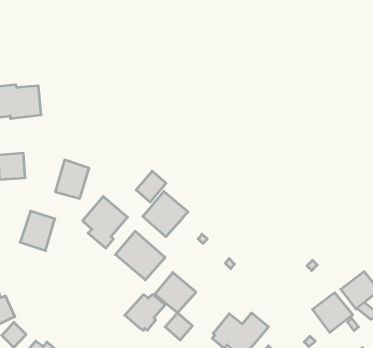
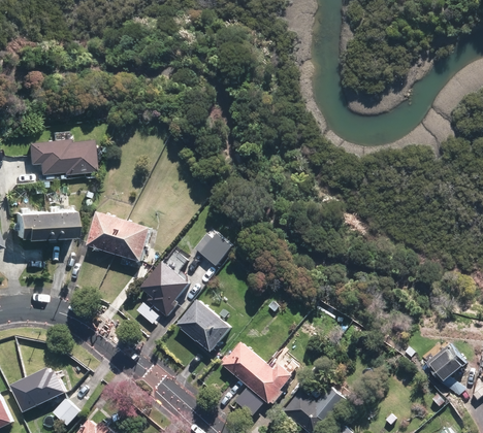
building: [143,191,188,237] -> none
building: [20,211,55,251] -> [83,211,121,255]
building: [312,293,353,332] -> none
building: [125,295,165,330] -> [245,365,289,404]

